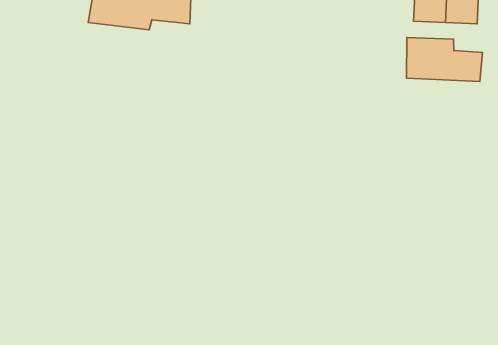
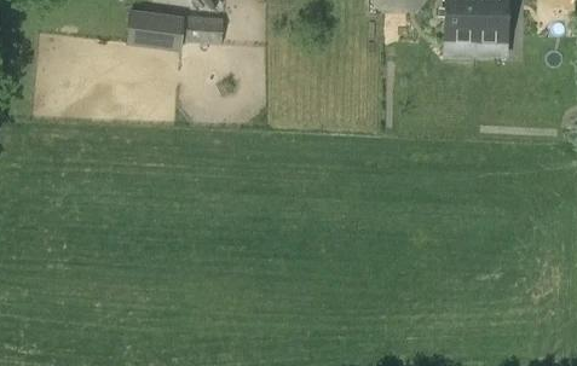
building: [407,37,483,81] -> none

